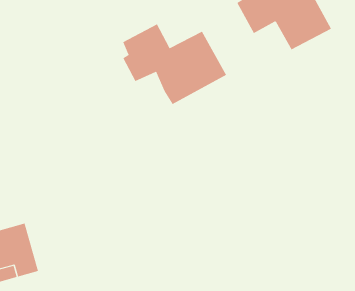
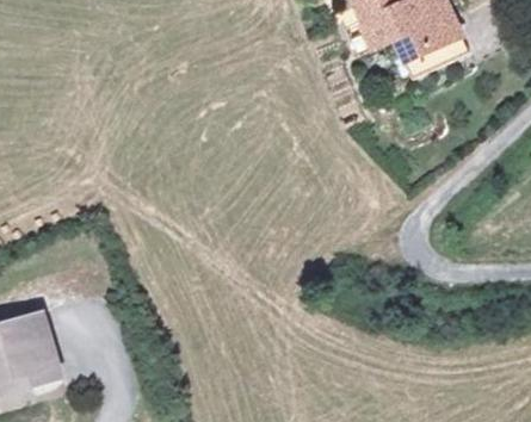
building: [122,23,227,105] -> none

